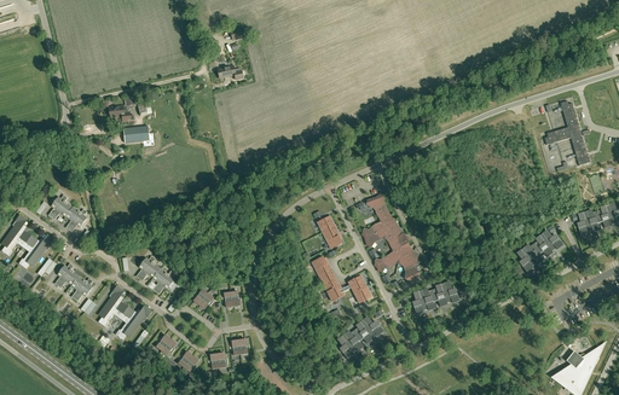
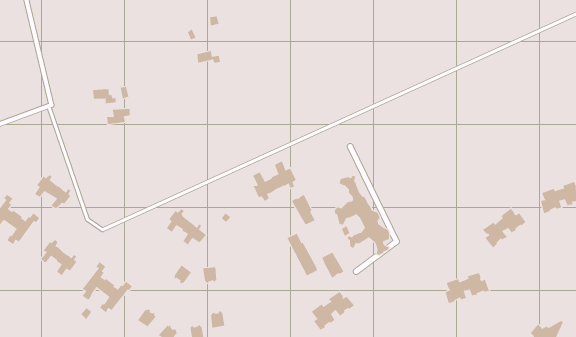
building: [544,100,590,165] -> none
building: none -> [252,161,296,202]
building: [137,255,179,294] -> [166,209,207,246]
building: [412,281,459,314] -> [445,273,490,304]

